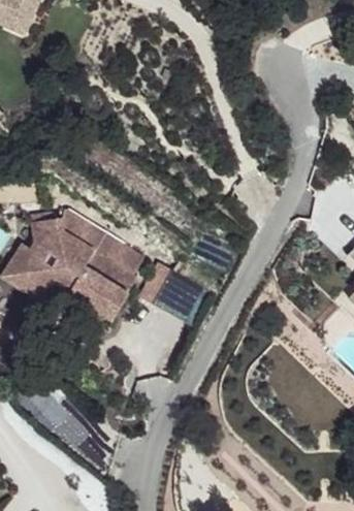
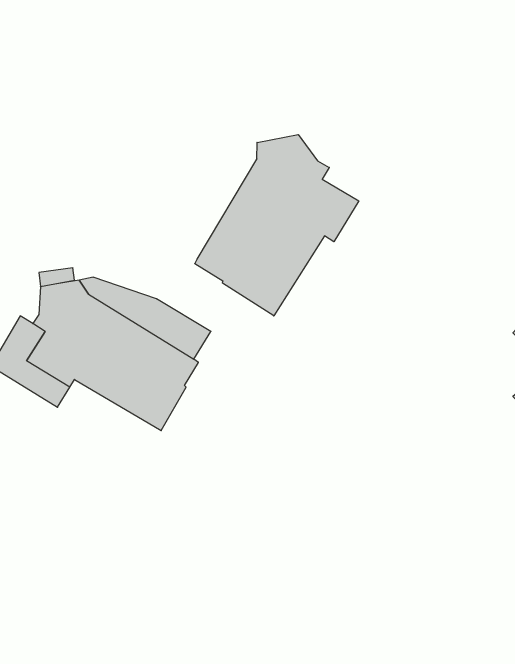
building: none -> [195,135,359,316]

